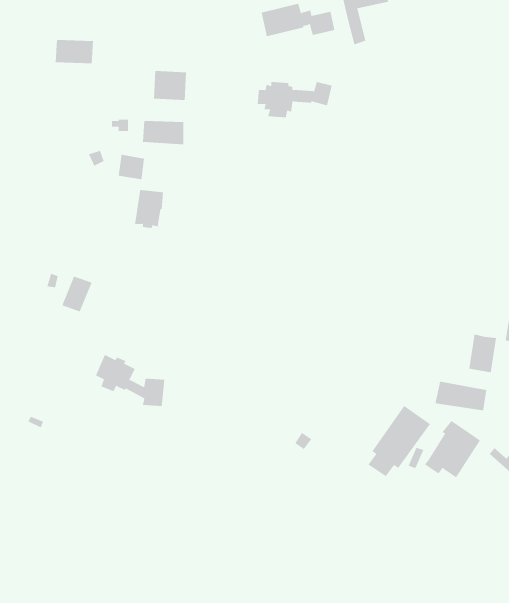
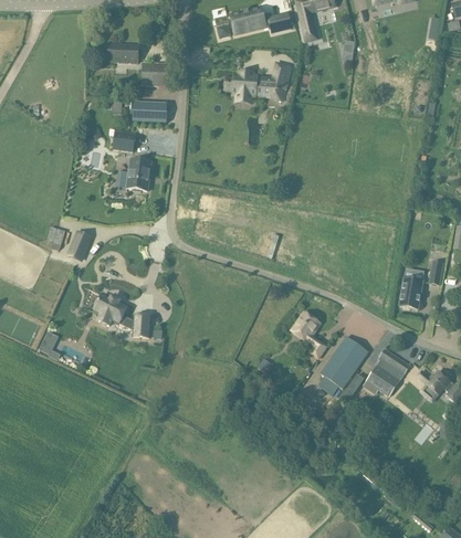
building: [55,39,94,64] -> [107,42,139,62]
building: none -> [292,309,327,356]
building: [435,381,487,411] -> none

